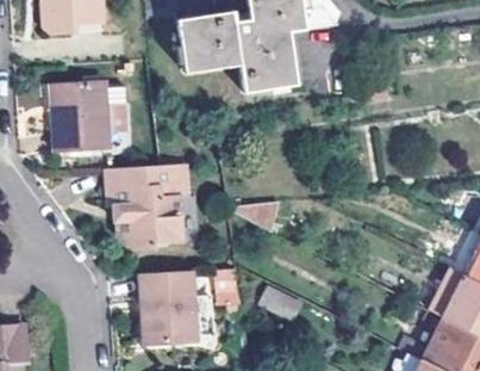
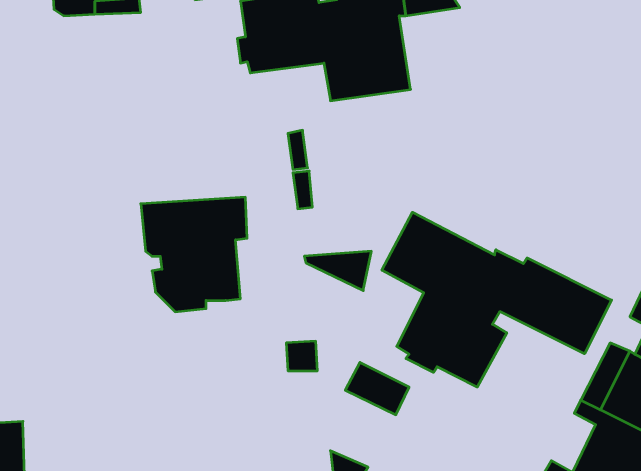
building: [51,82,107,153] -> none
building: none -> [382,212,612,387]
building: [135,266,193,339] -> none

